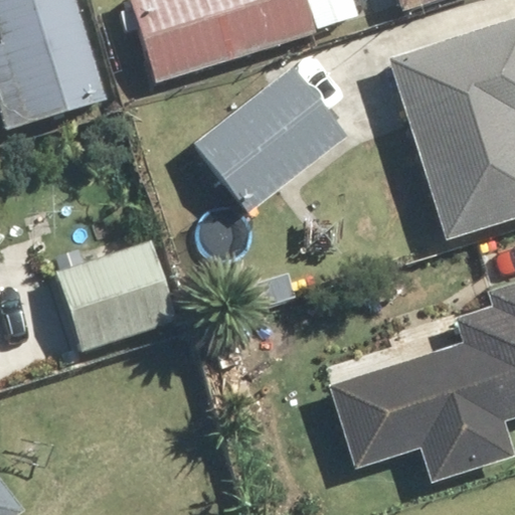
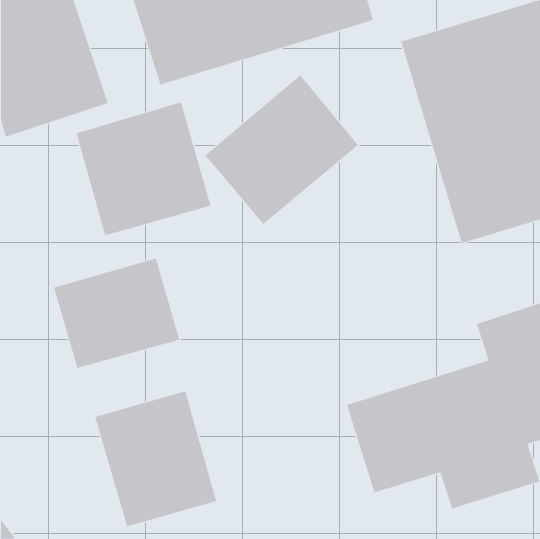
building: none -> [76,102,211,236]
building: none -> [95,391,217,527]

